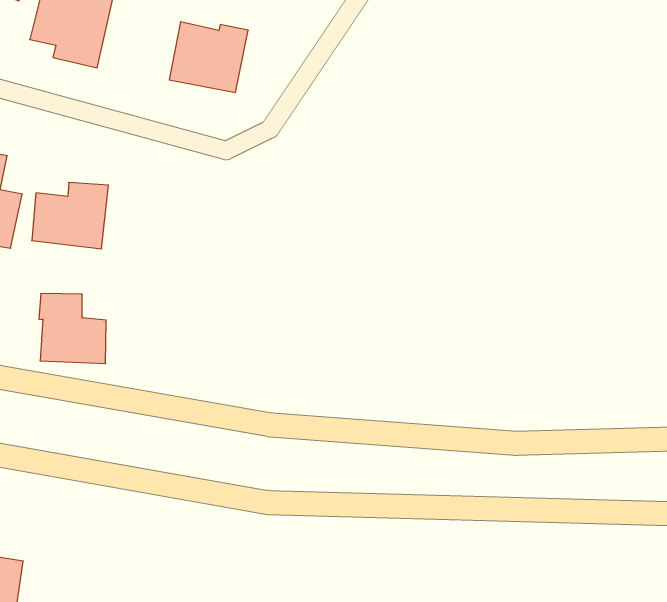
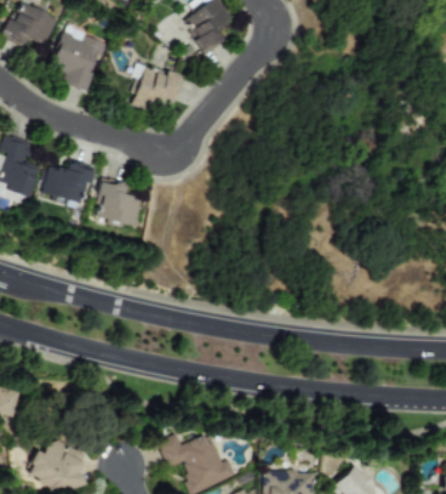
building: [39,294,106,364] -> [96,178,138,225]

